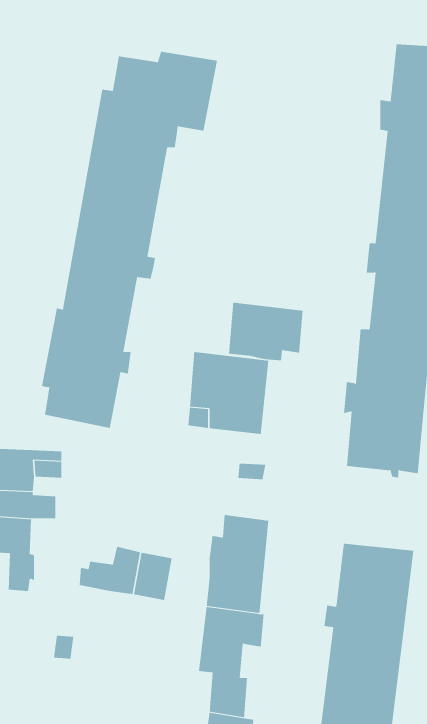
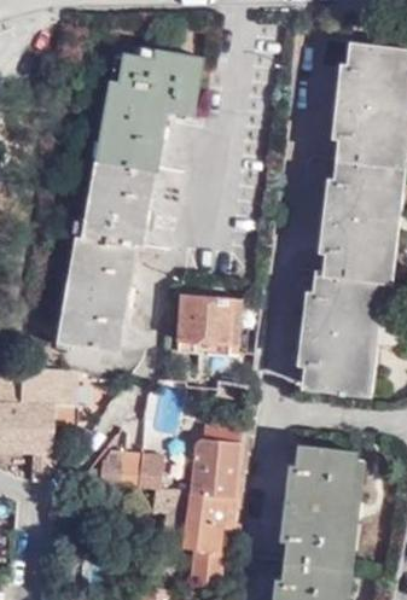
building: [228,302,303,361] -> none

